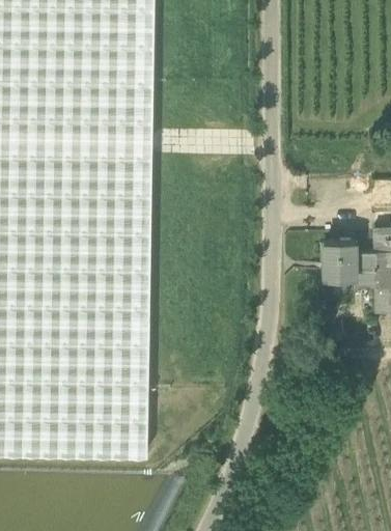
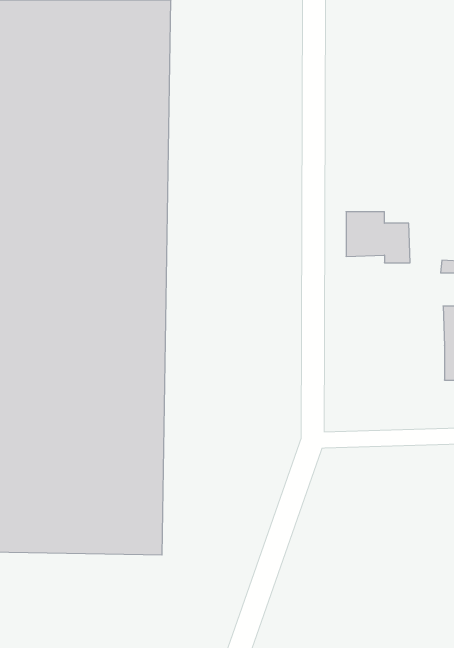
building: [324,243,375,284] -> [346,212,410,263]

